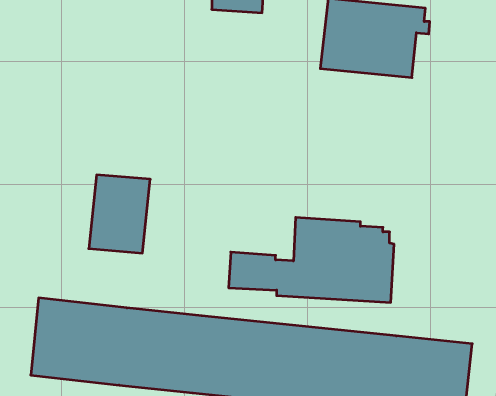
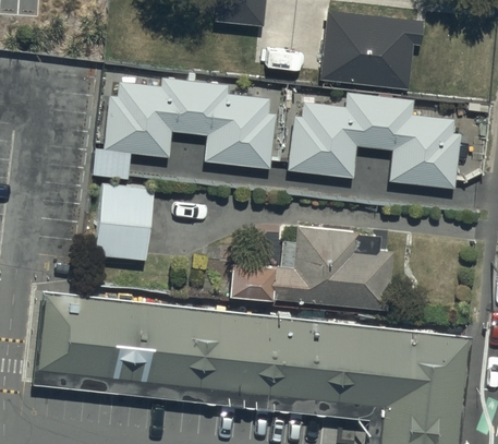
building: none -> [90,74,276,179]
building: none -> [287,92,460,189]

